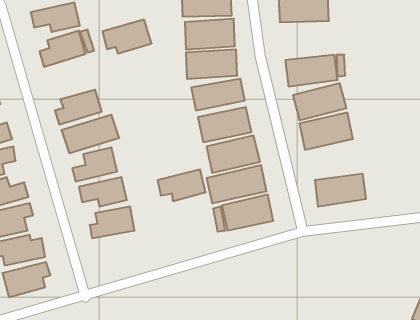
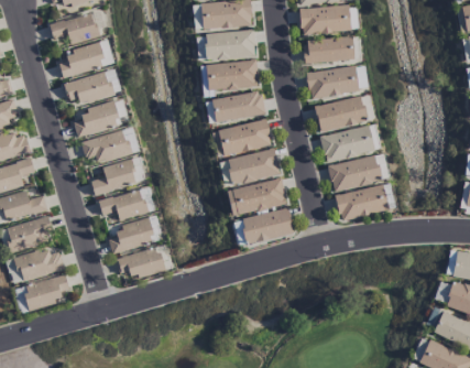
building: [103,20,152,53] -> [64,71,113,105]
building: none -> [304,37,354,63]
building: none -> [327,155,381,191]
building: [158,169,206,201] -> [116,247,164,279]

